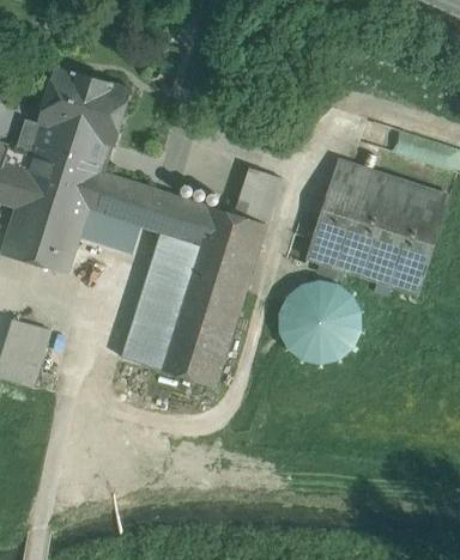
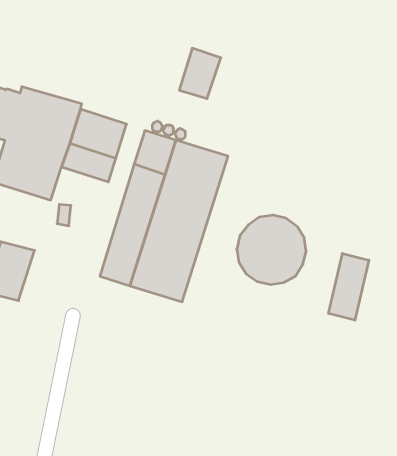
building: [36,67,131,165] -> none
building: [308,160,450,293] -> none
building: [236,168,283,224] -> [179,48,221,99]
building: none -> [329,253,369,320]

